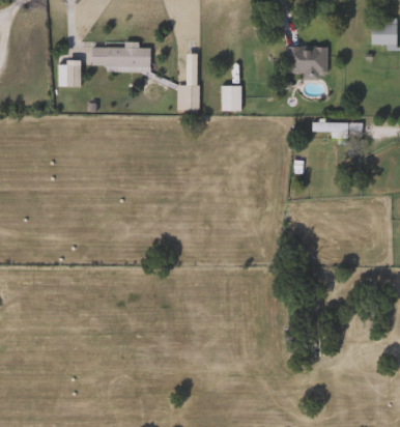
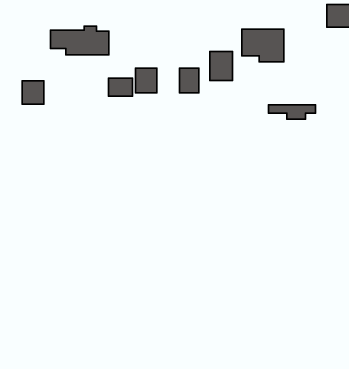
building: [58,62,80,86] -> [22,81,44,104]
building: none -> [210,51,232,81]
building: none -> [109,78,133,96]

